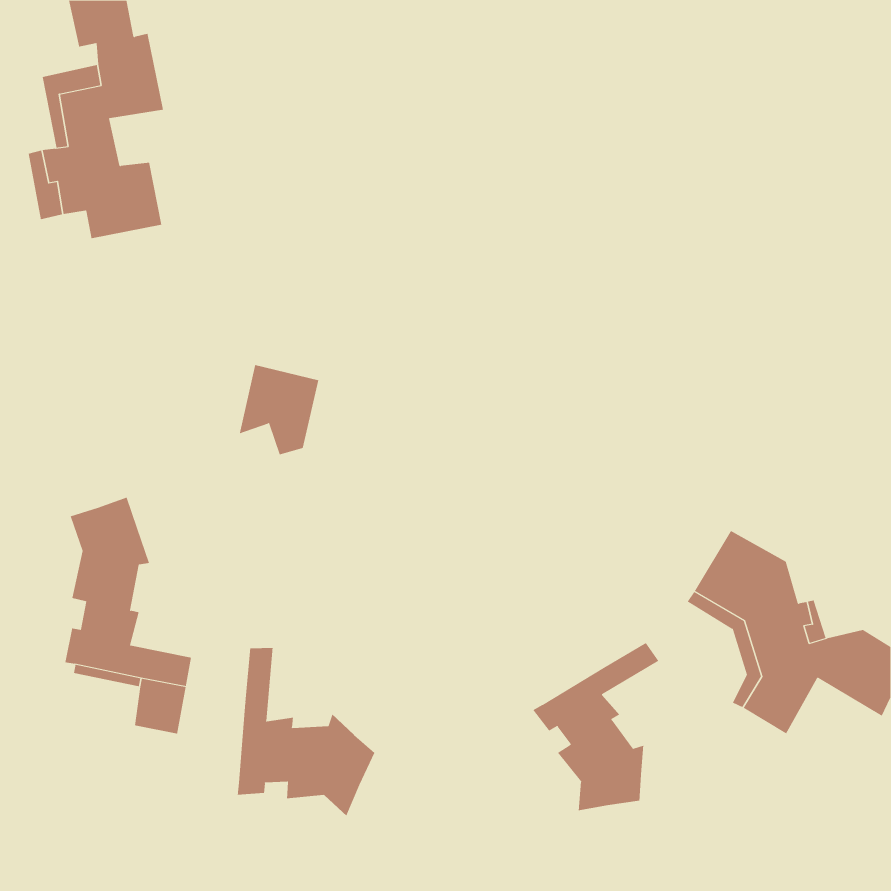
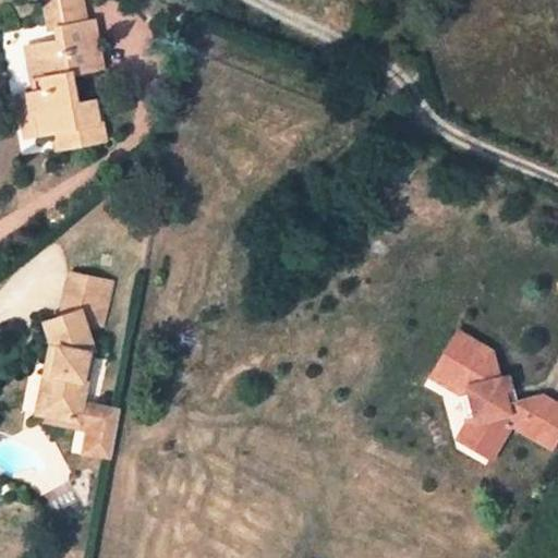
building: [239,364,319,455] -> [61,274,111,330]
building: [533,642,659,811] -> none
building: [237,647,375,816] -> none

